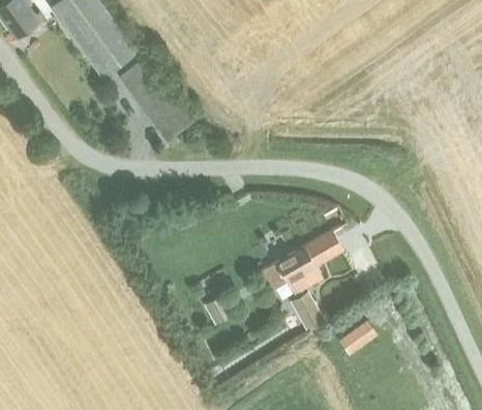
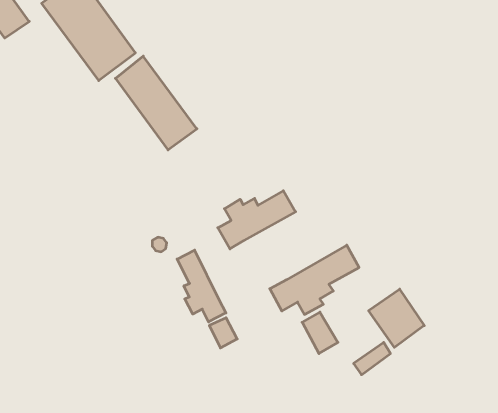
building: none -> [218,191,296,249]
building: none -> [177,250,226,322]
building: none -> [369,289,424,347]

